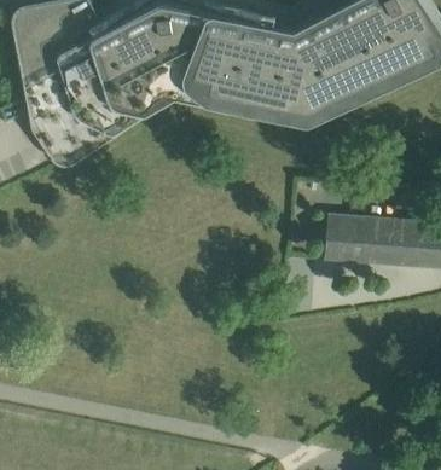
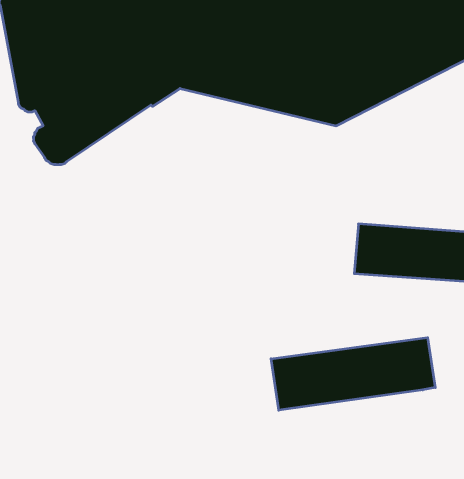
building: none -> [271,338,435,410]

